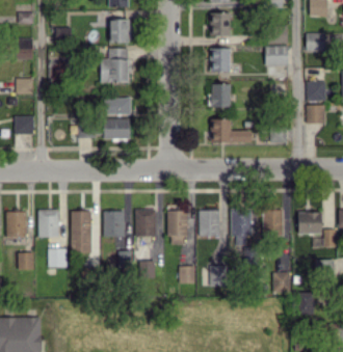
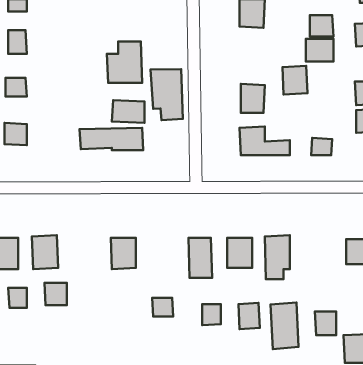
building: [109,19,130,43] -> none
building: [210,48,231,72] -> [282,66,307,95]
building: none -> [151,69,183,120]
building: [135,209,156,236] -> none
building: [263,210,284,236] -> none
building: [71,211,93,252] -> none
building: none -> [271,303,299,349]

